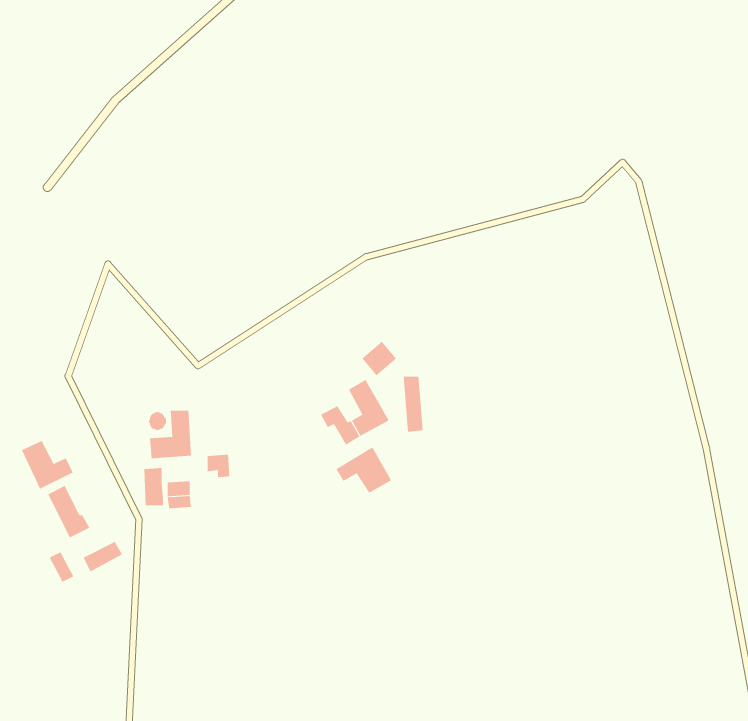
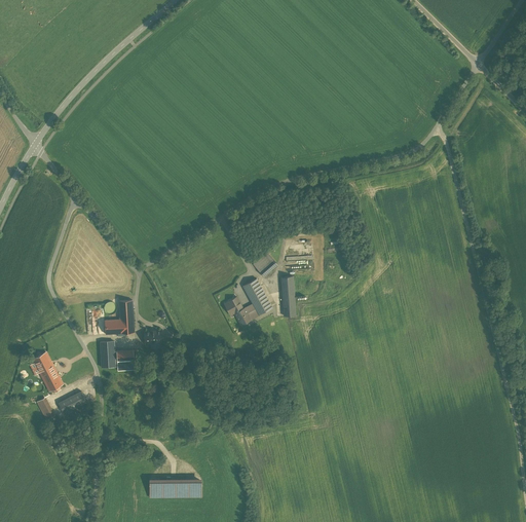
building: [21,440,73,489] -> none
building: [336,447,392,494] -> none
building: none -> [150,478,201,497]

